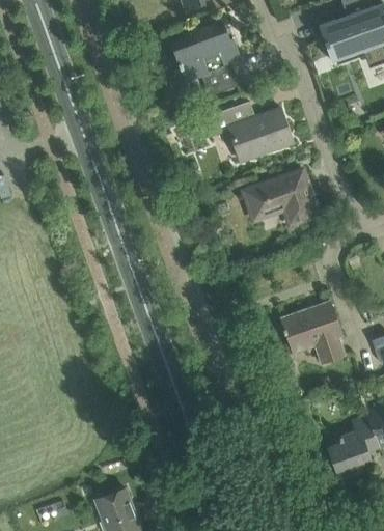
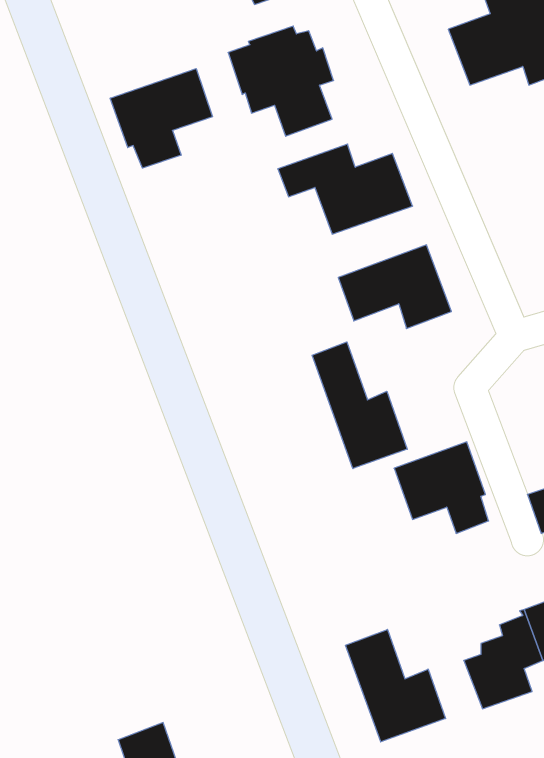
building: none -> [110,69,213,168]
building: none -> [312,342,407,469]
building: none -> [346,629,446,742]

